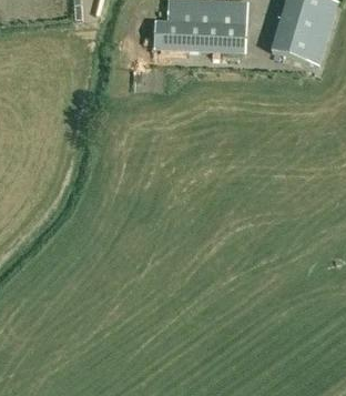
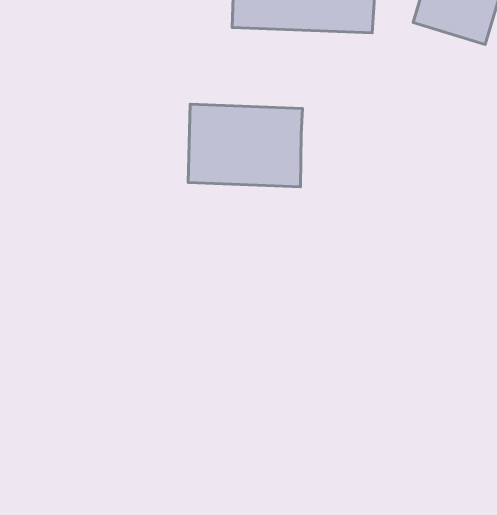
building: none -> [188,104,302,187]

